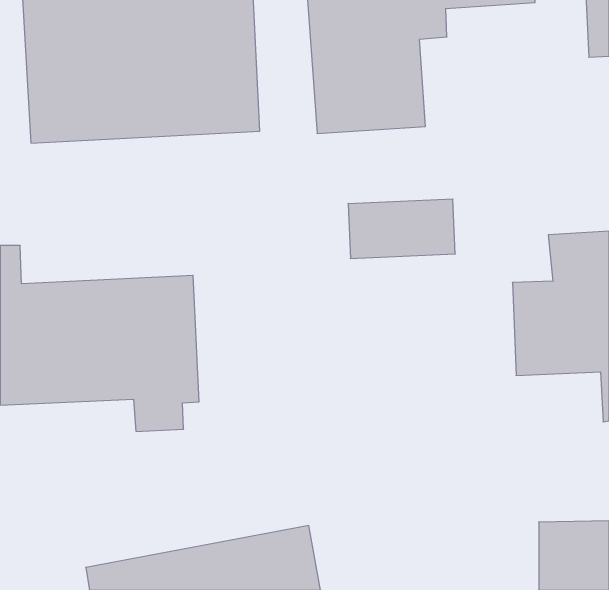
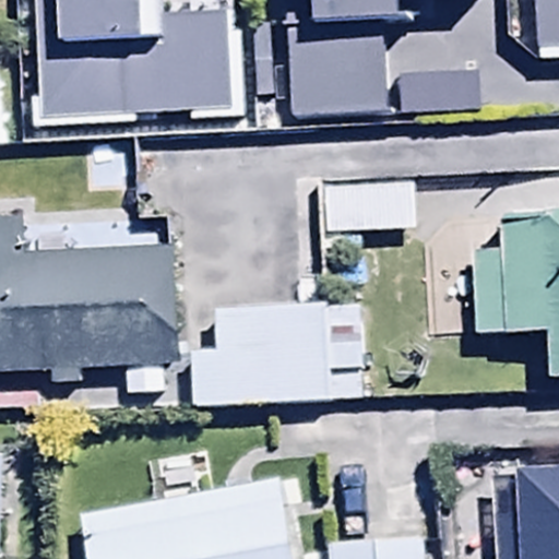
building: none -> [187,300,365,413]

